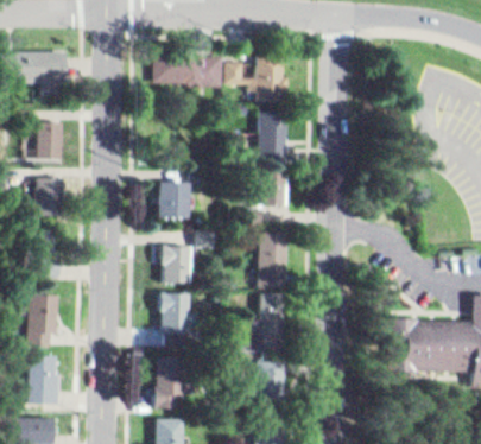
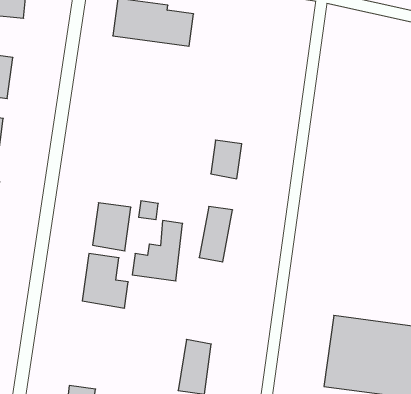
building: [229,51,289,102] -> none
building: [261,113,286,160] -> none
building: [157,180,186,216] -> none
building: [242,296,284,350] -> [132,221,183,281]
building: [156,356,183,406] -> none

